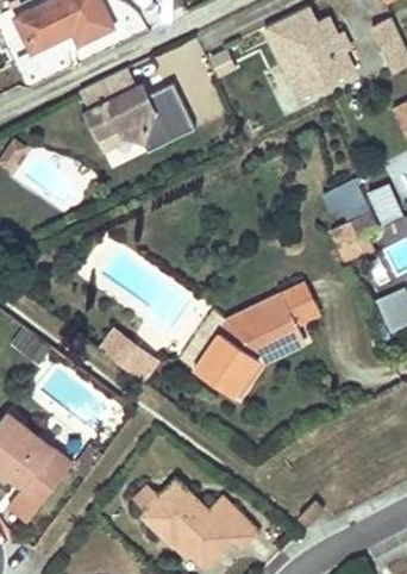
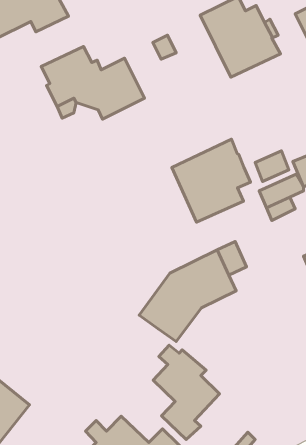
building: none -> [172,139,251,222]
building: [100,326,157,379] -> none
building: none -> [153,345,219,440]

